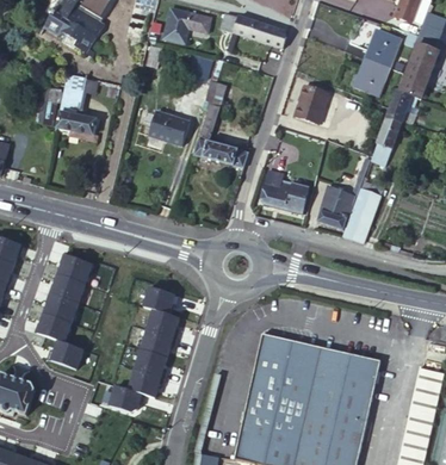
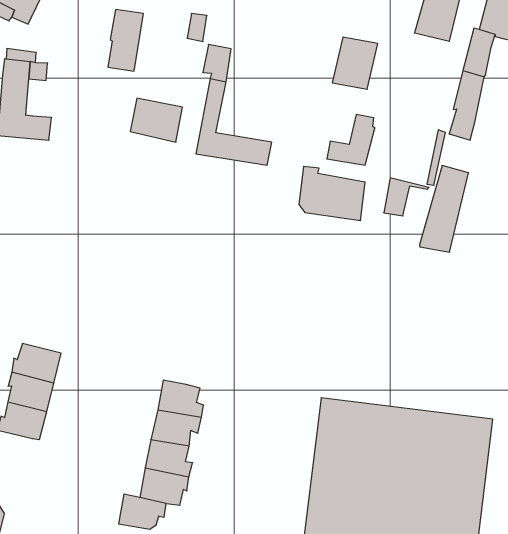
building: [316,193,352,229] -> [327,115,375,165]
building: [58,254,92,284] -> none
building: [144,287,179,315] -> none
building: [47,341,83,370] -> none

